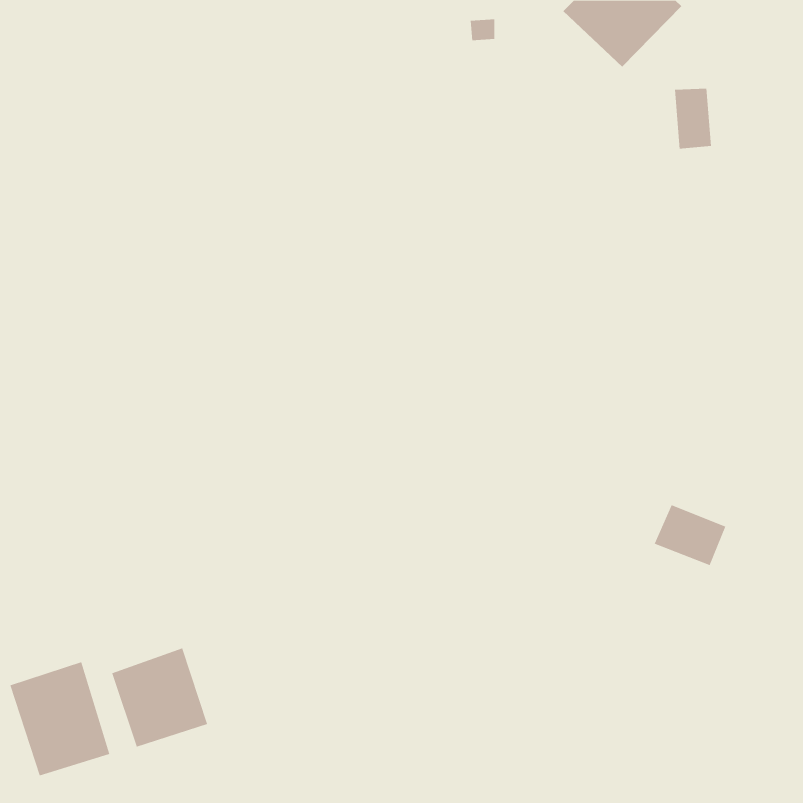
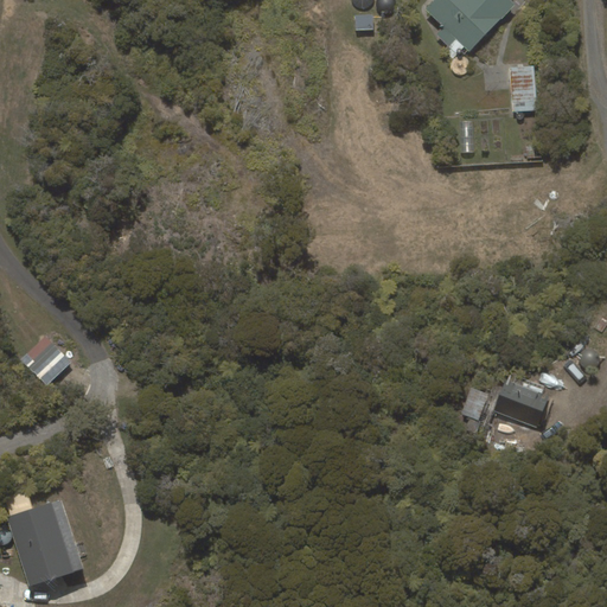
building: none -> [21,337,71,386]
building: [111,647,208,748] -> none

